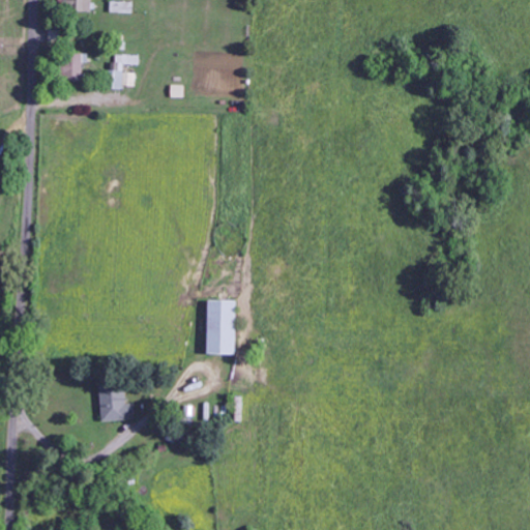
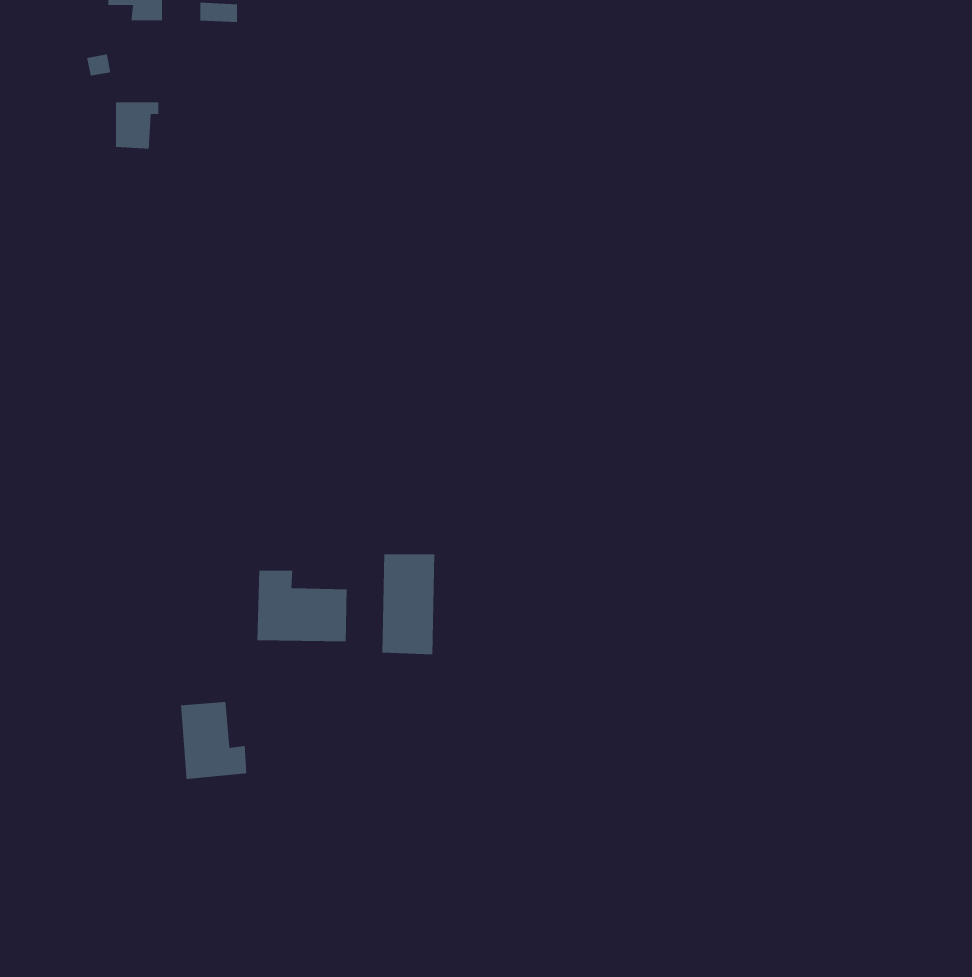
building: [109,54,137,87] -> none
building: none -> [257,570,347,642]

